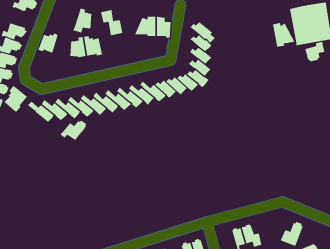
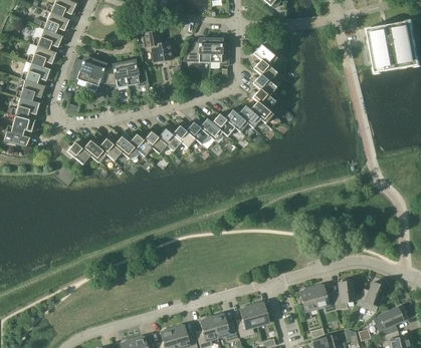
building: none -> [32,27,64,50]
building: [73,8,92,33] -> [85,61,109,91]
building: [272,22,295,47] -> none
building: [305,41,325,62] -> none
building: [4,85,28,113] -> none
building: [60,119,87,141] -> none
building: none -> [333,280,354,310]

